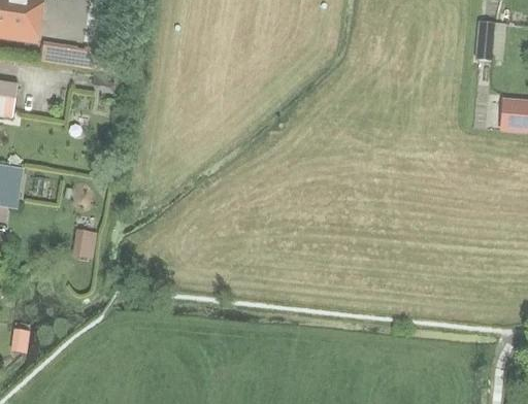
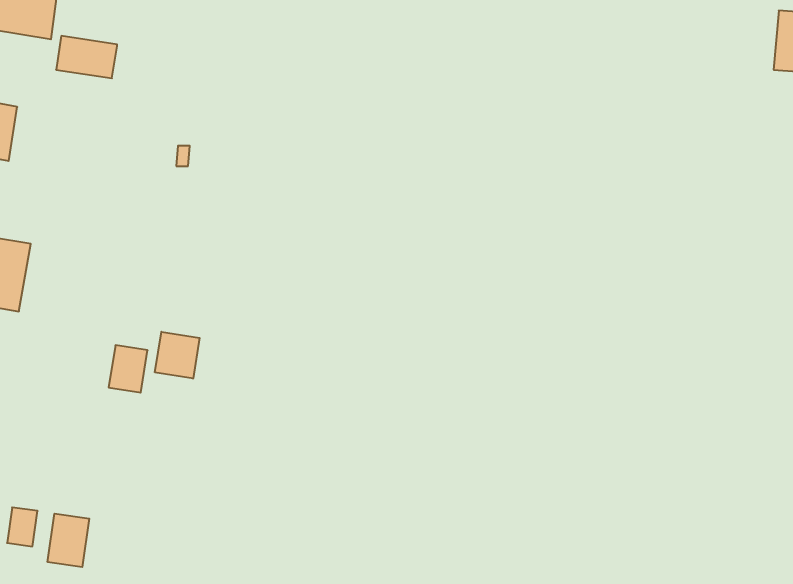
building: none -> [155,332,200,379]
building: none -> [48,514,89,567]

